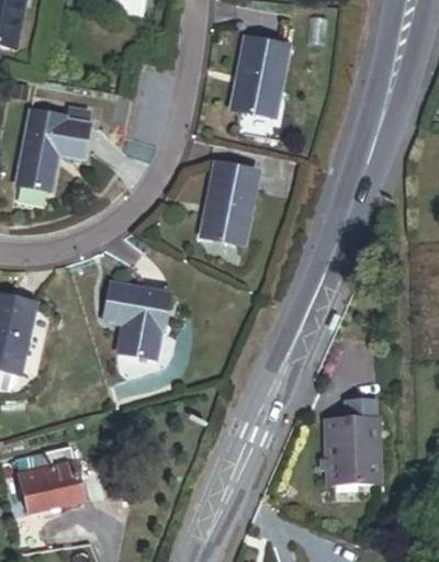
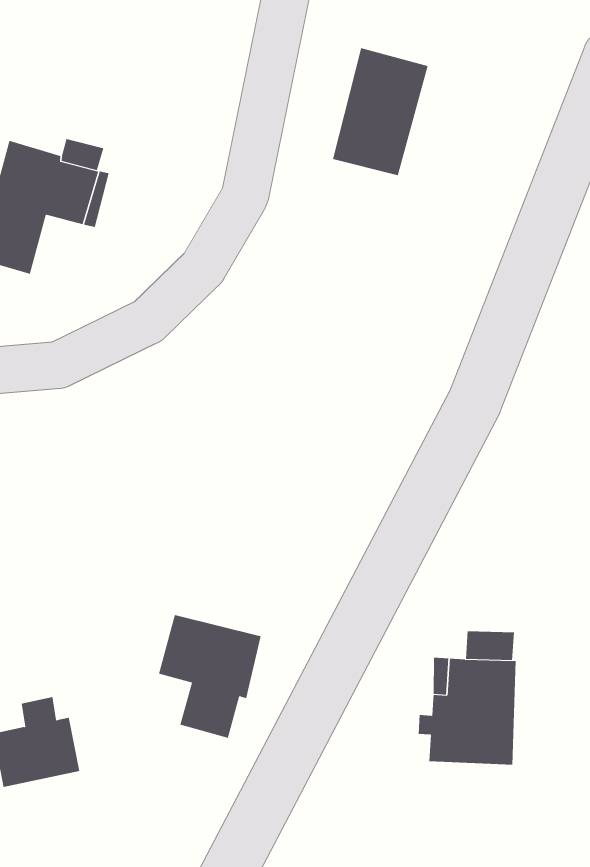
building: [204,164,259,245] -> none
building: [105,286,168,361] -> [158,614,262,739]

